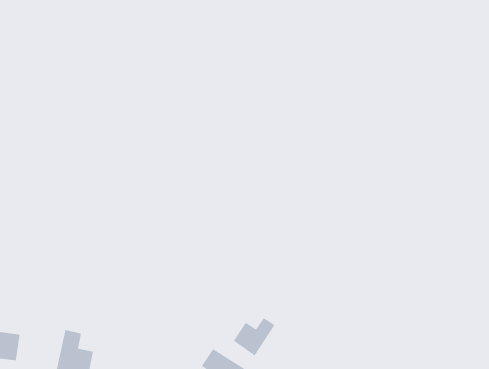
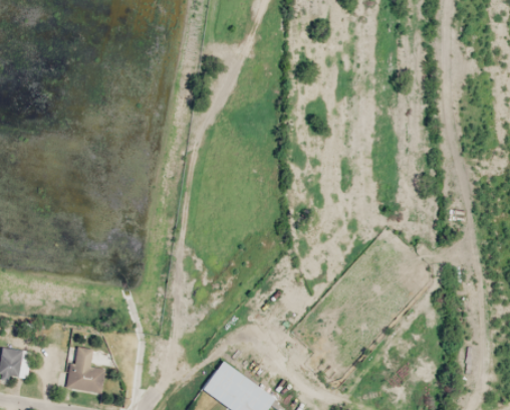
building: [233,317,276,356] -> none

